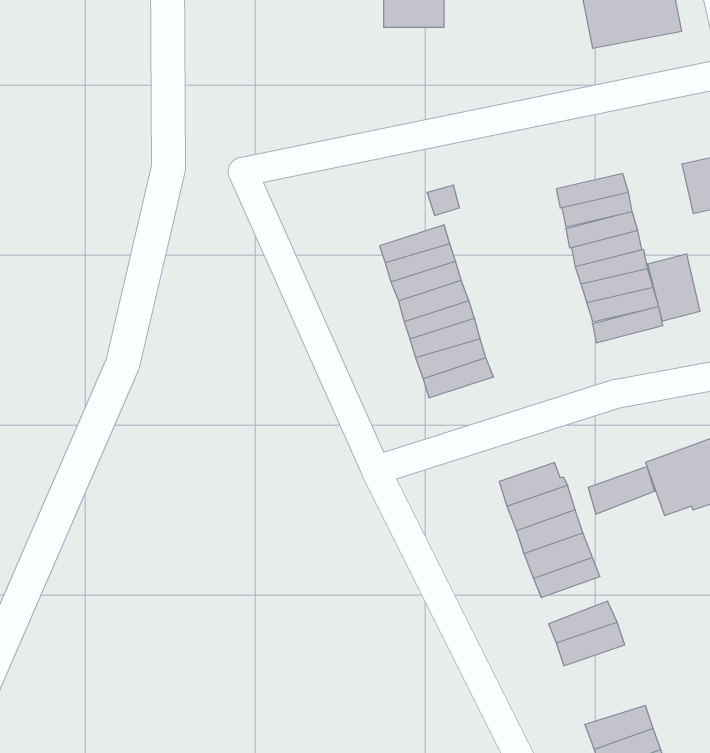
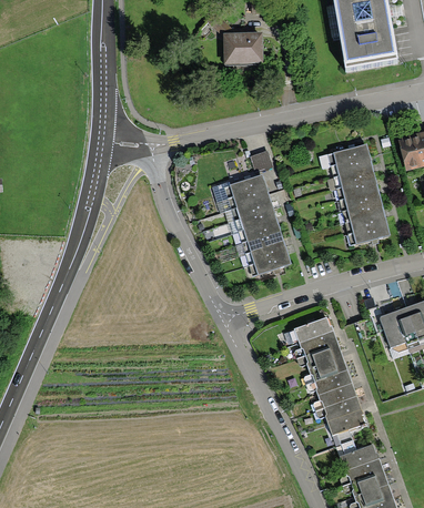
building: [648,254,700,321] -> none
building: [588,467,655,514] -> [317,382,356,409]
building: none -> [339,441,378,468]

